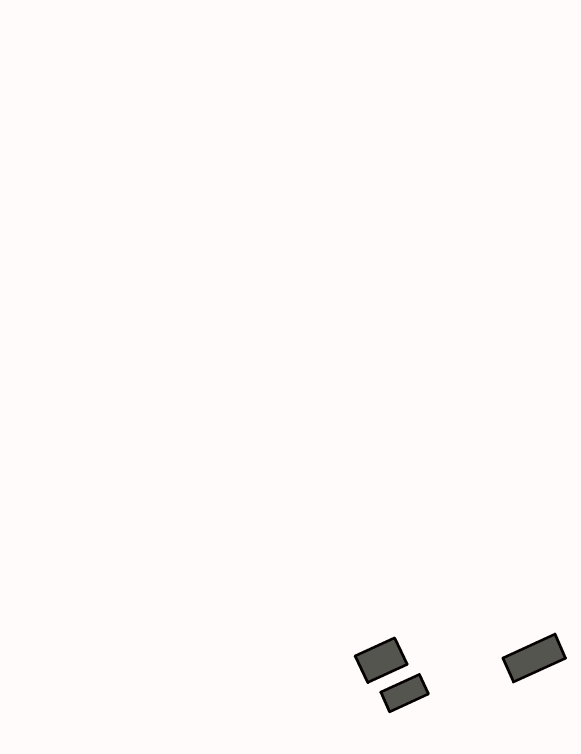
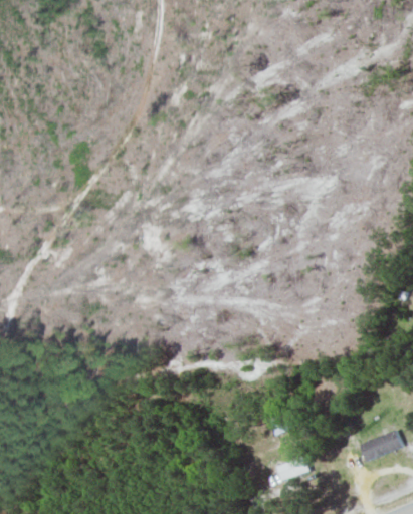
building: [355,638,407,683] -> none

